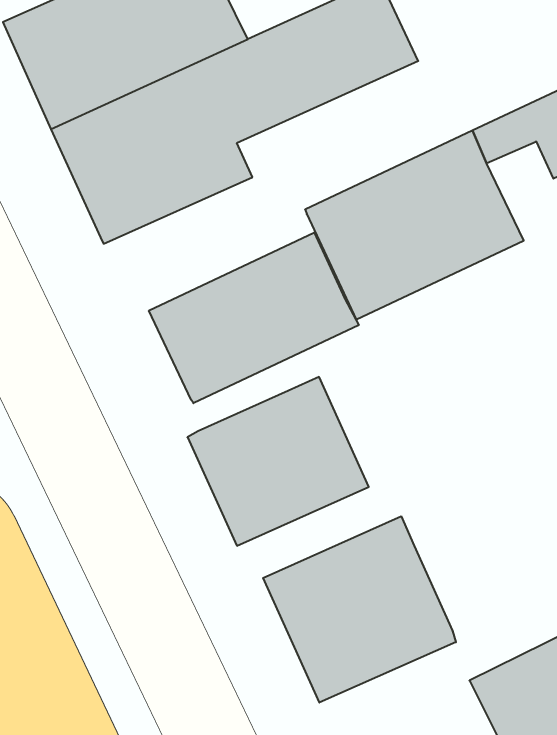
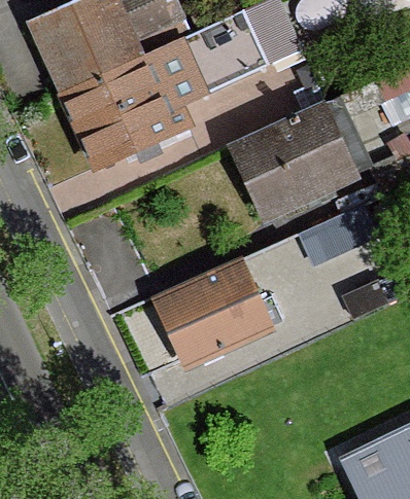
building: [149,233,359,403] -> none
building: [263,516,456,703] -> none

